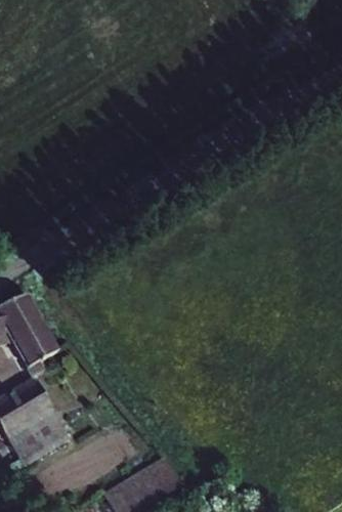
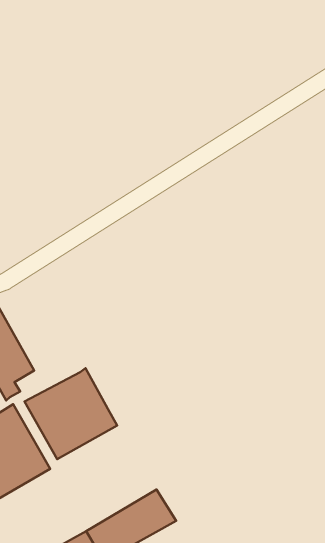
building: none -> [24,368,117,459]

